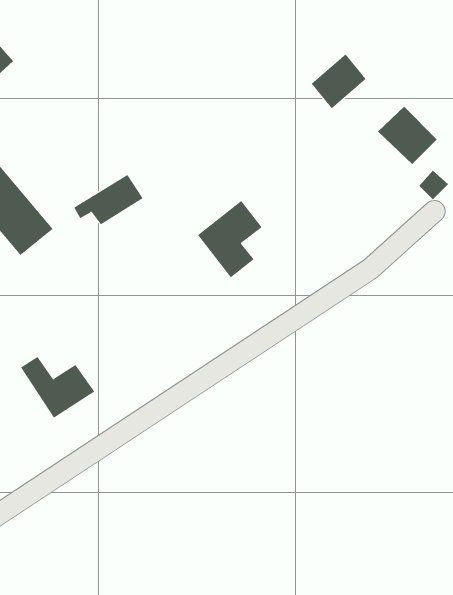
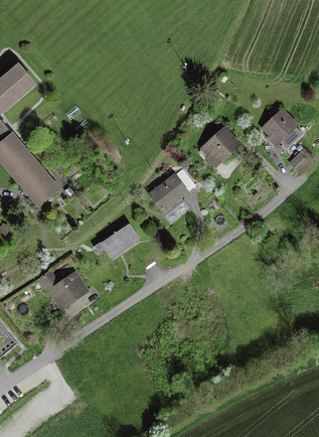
building: [311,53,367,109] -> [202,131,237,166]
building: [74,174,144,225] -> [94,223,138,255]

